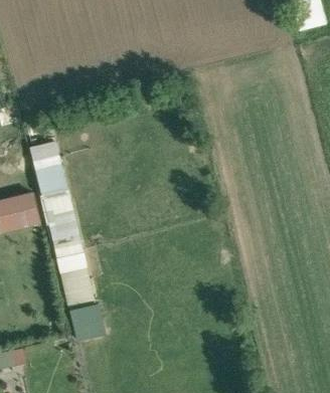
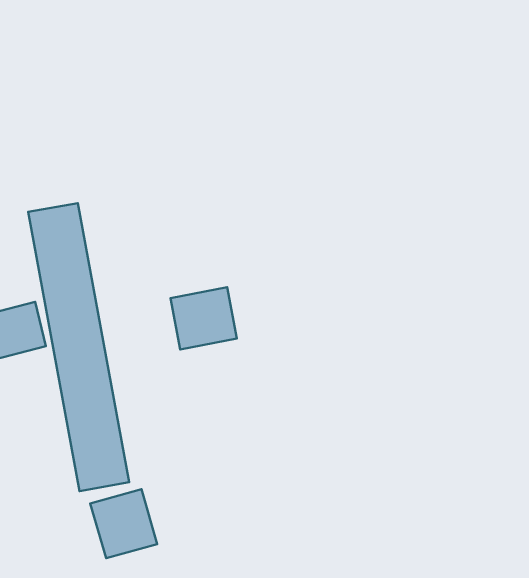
building: none -> [171,287,237,349]

